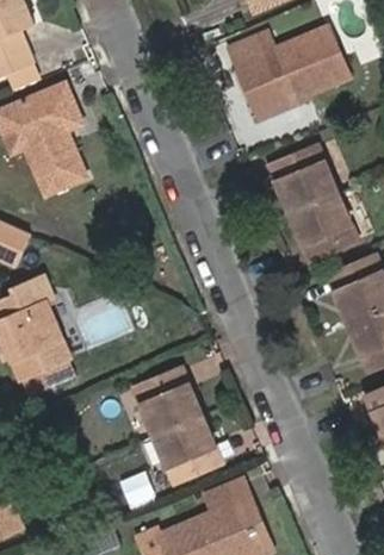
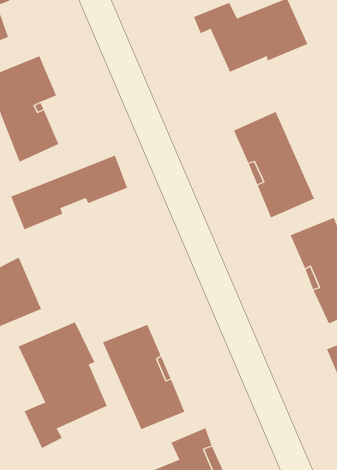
building: [235,61,308,119] -> none
building: none -> [10,155,128,230]
building: none -> [18,321,107,449]

